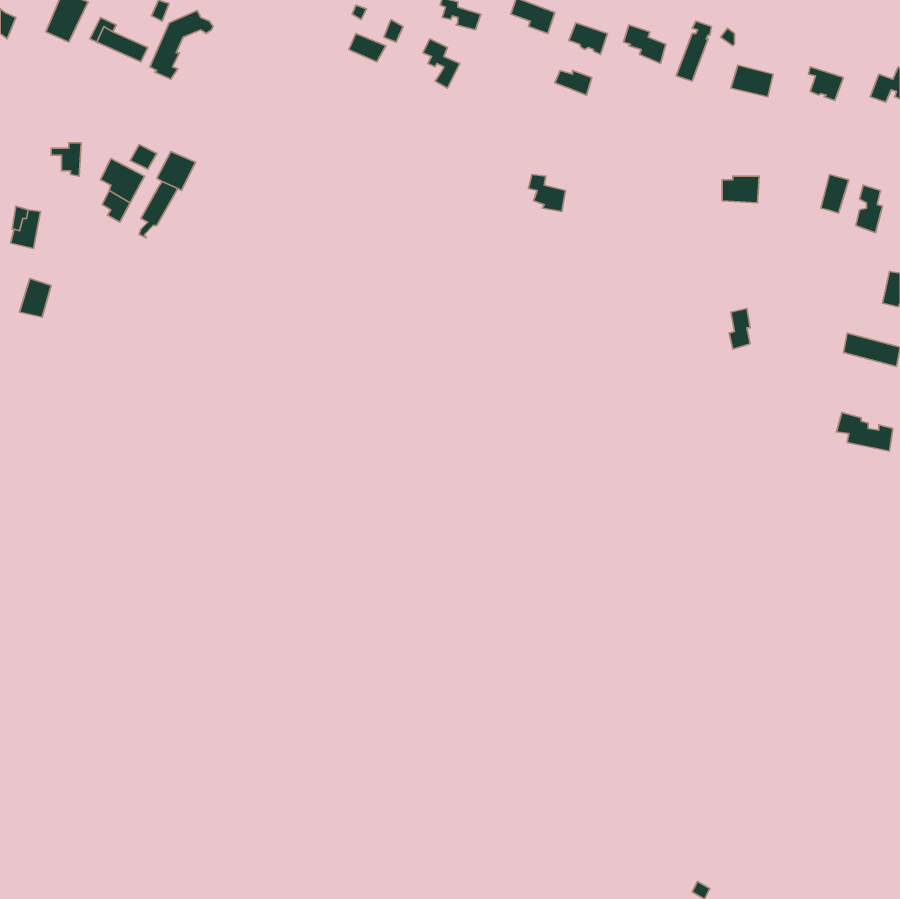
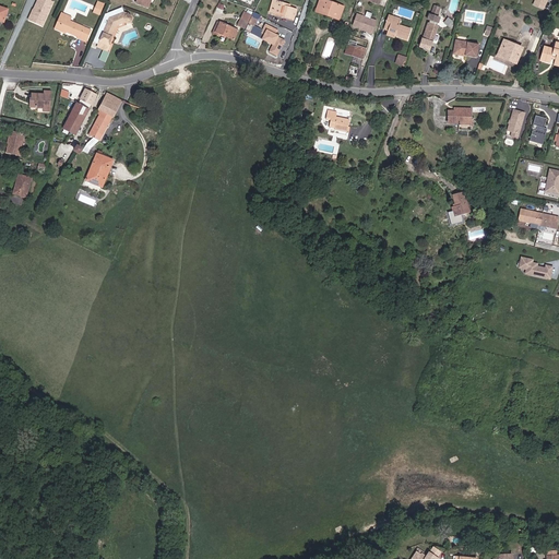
building: none -> [85,153,112,187]

